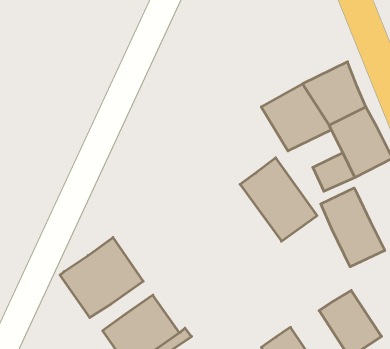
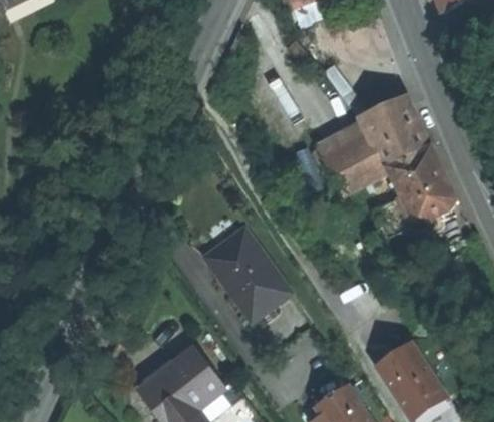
building: [240,158,317,241] -> [204,227,289,318]
building: [321,188,385,267] -> none
building: [60,237,143,318] -> none

